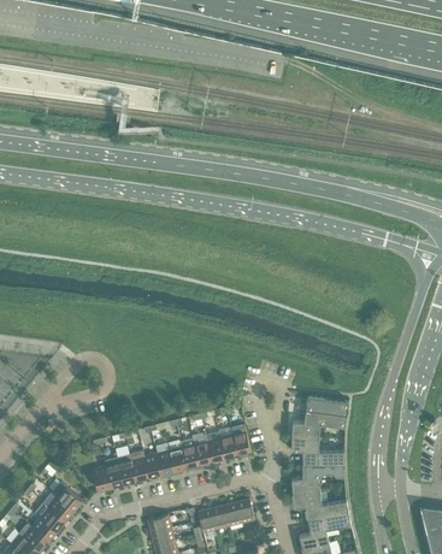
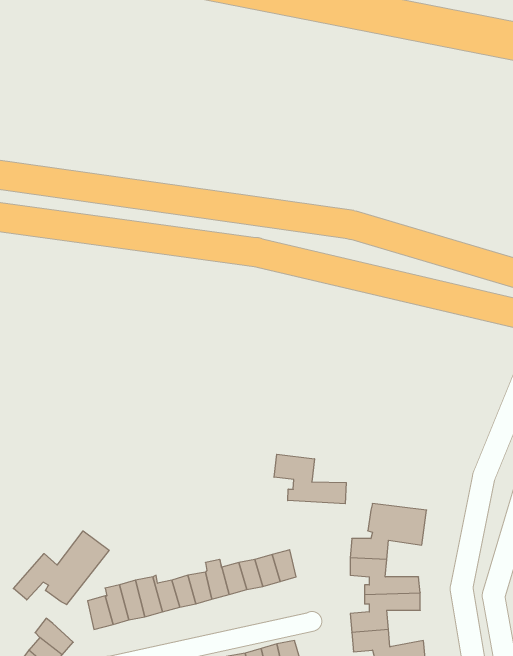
building: none -> [274,454,346,504]
building: none -> [13,531,109,605]

